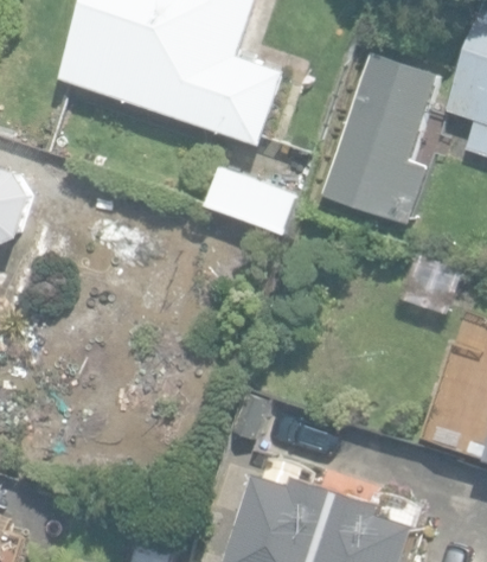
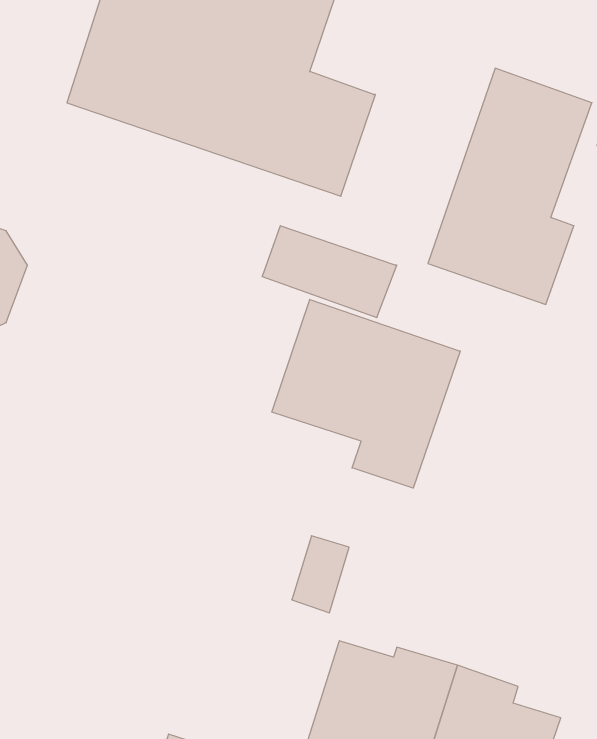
building: none -> [272,299,460,488]

